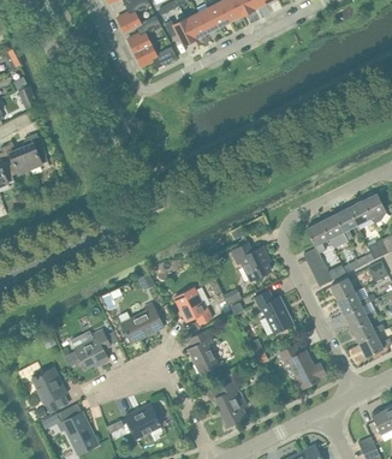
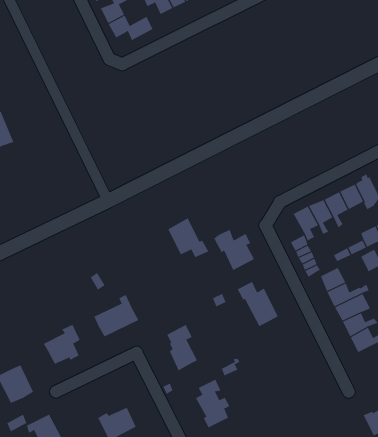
building: [174,287,213,324] -> [167,218,209,258]
building: [279,345,325,389] -> none

